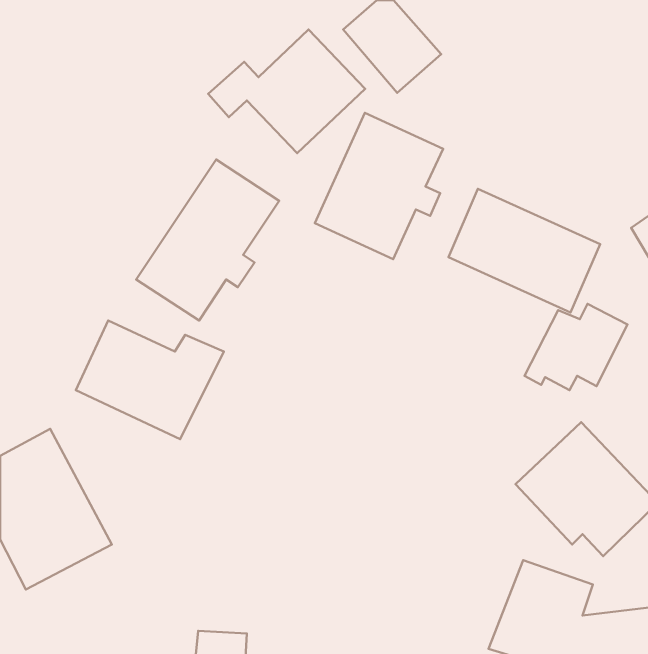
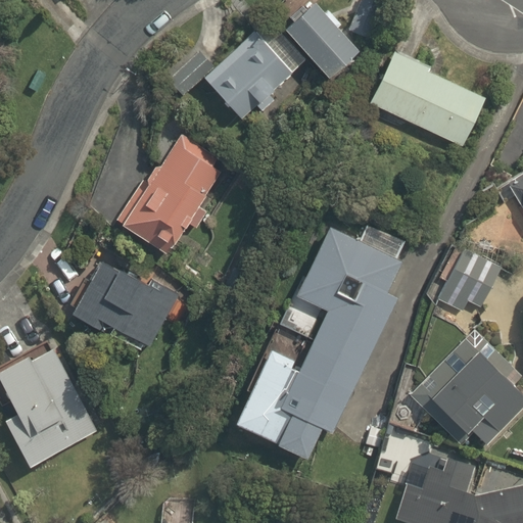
building: [315,113,443,259] -> none
building: [448,189,600,312] -> [368,50,488,148]
building: none -> [230,220,409,459]

